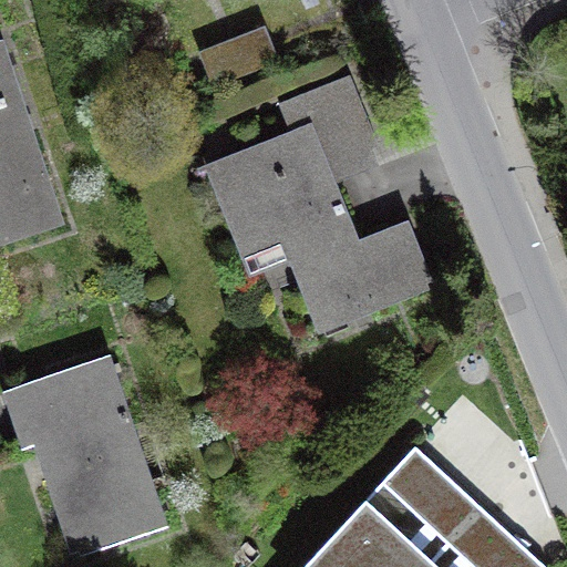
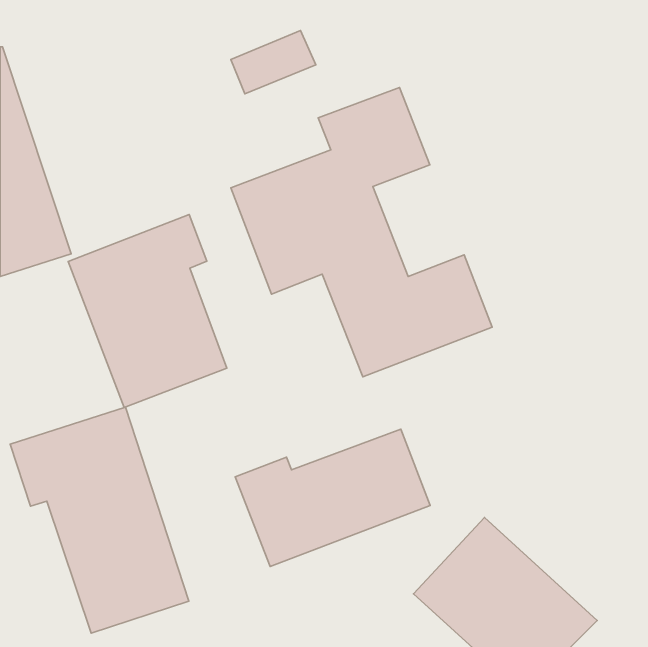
building: none -> [68,214,227,408]
building: none -> [235,429,430,567]

